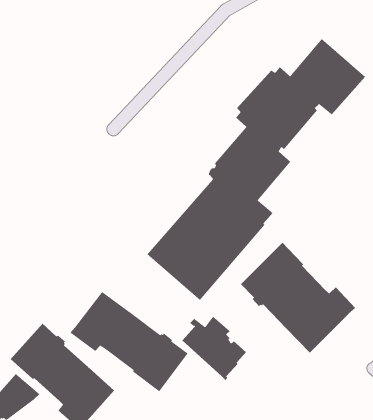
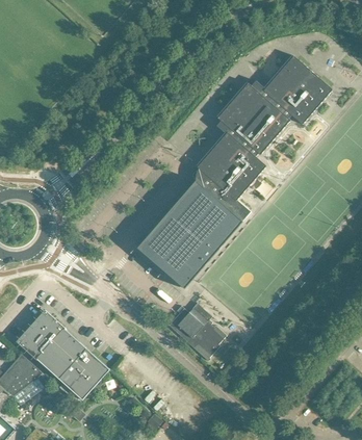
building: [240,242,356,354] -> none
building: [70,291,188,392] -> none

